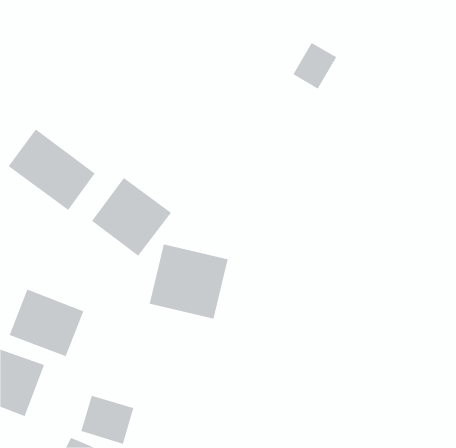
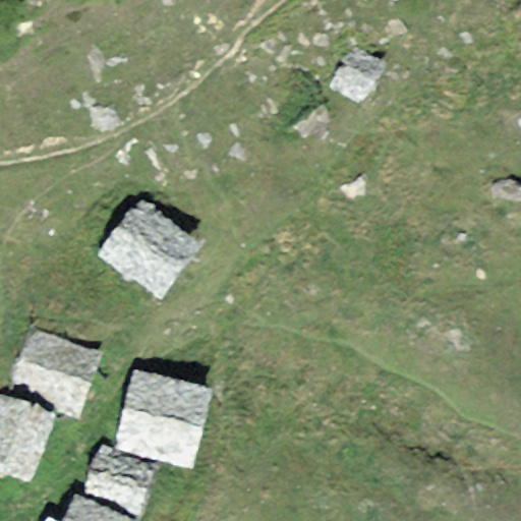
building: [8,128,96,211] -> none
building: [149,244,229,319] -> [117,372,208,458]

